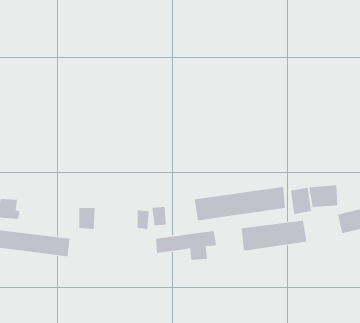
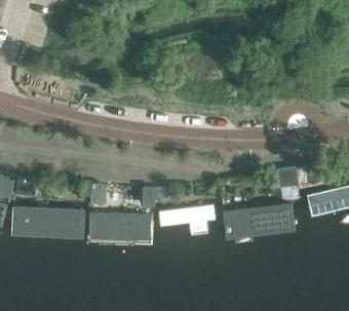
building: [194,186,286,221] -> none
building: none -> [86,217,146,241]

